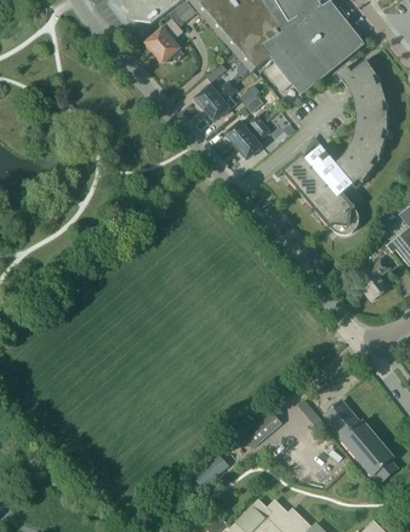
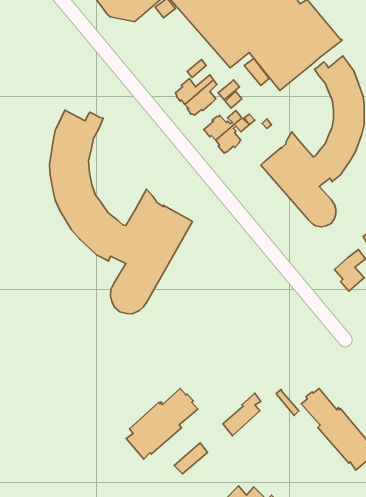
building: [146,18,183,61] -> none
building: none -> [50,110,193,314]
building: none -> [126,388,198,459]

